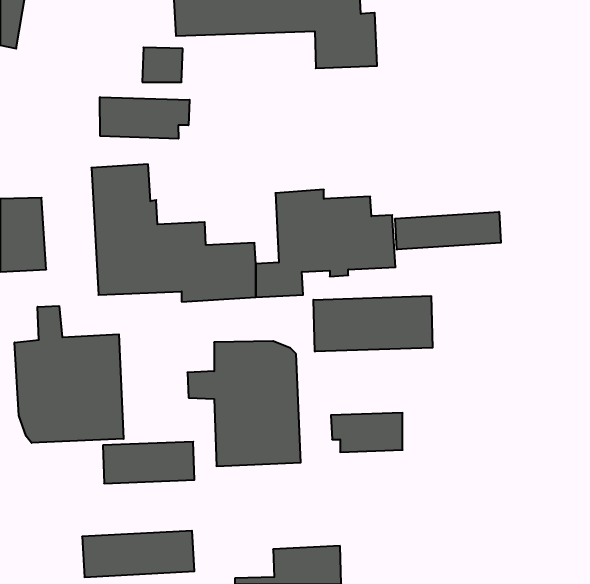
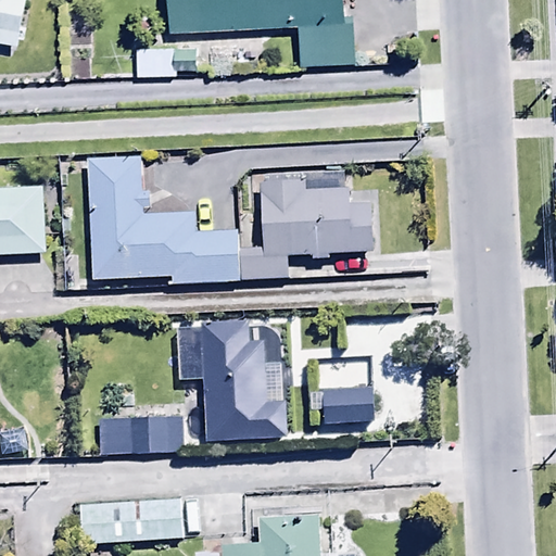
building: [100,97,190,139] -> none
building: [395,212,501,250] -> none
building: [313,296,433,352] -> none
building: [15,306,124,443] -> none

